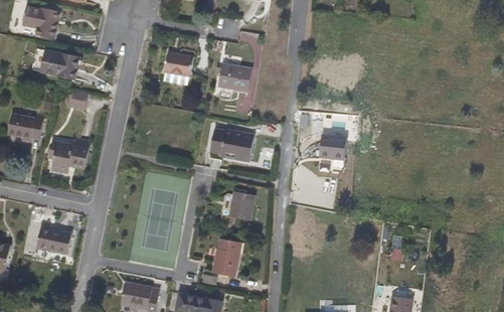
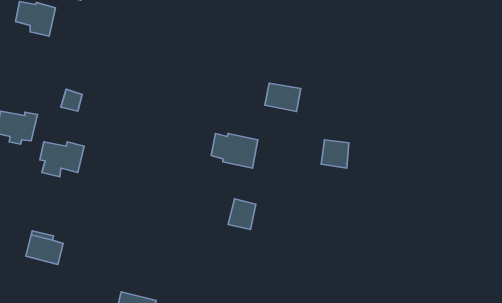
building: [43,48,81,79] -> none
building: [166,51,195,76] -> none
building: [218,64,253,92] -> [265,83,301,112]
building: [210,238,236,275] -> none

